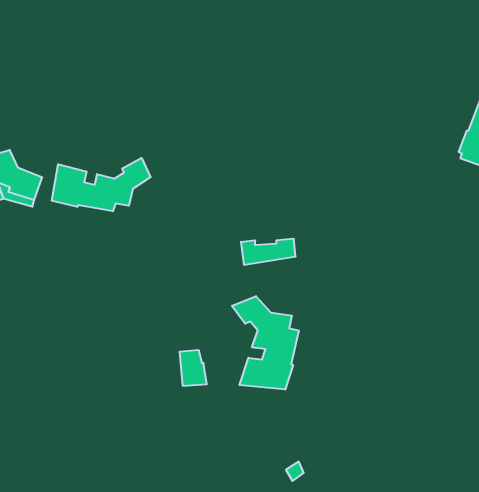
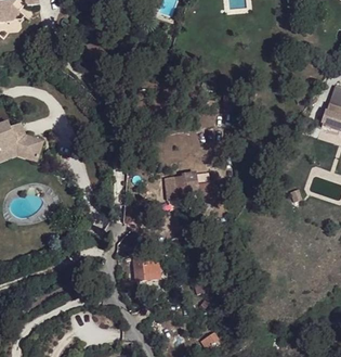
building: [52,158,151,211] -> none
building: [232,296,299,390] -> none

